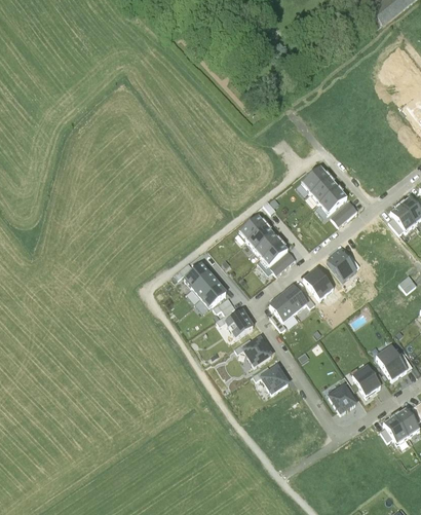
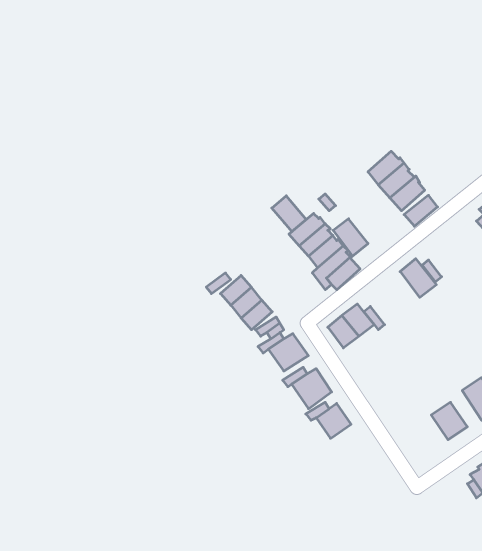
building: none -> [272,196,306,232]
building: [305,267,333,297] -> [333,219,368,256]
building: [329,383,356,412] -> none

